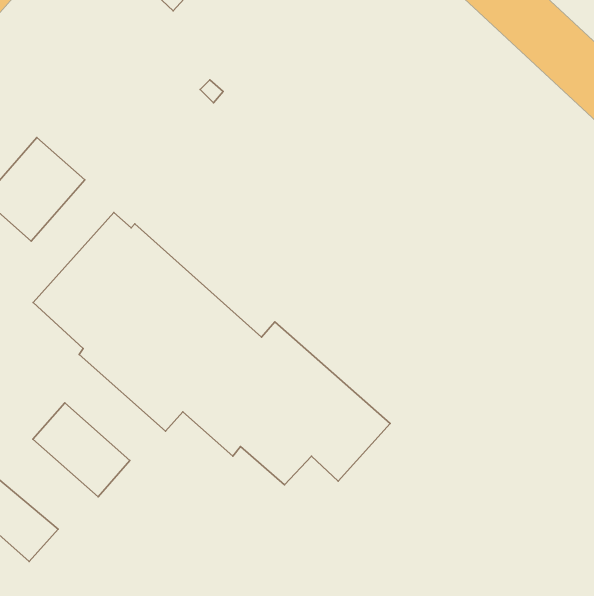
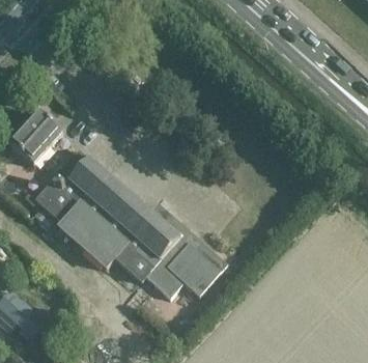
building: [33,403,130,497] -> none

